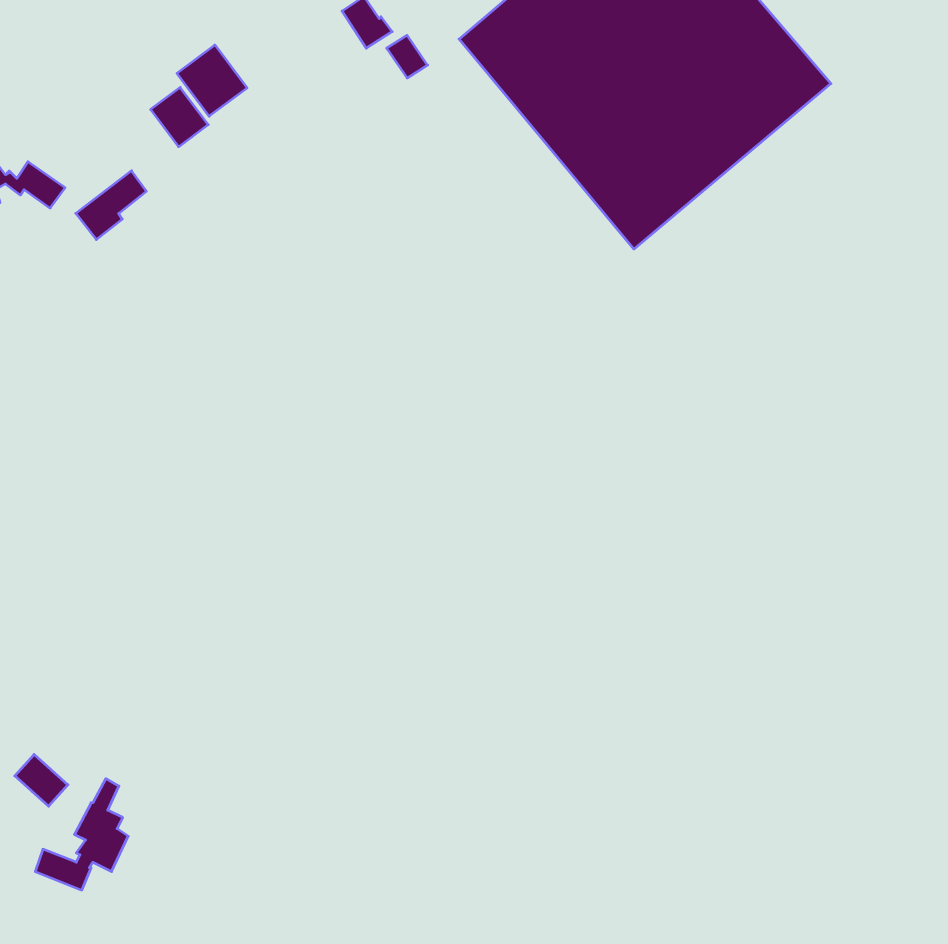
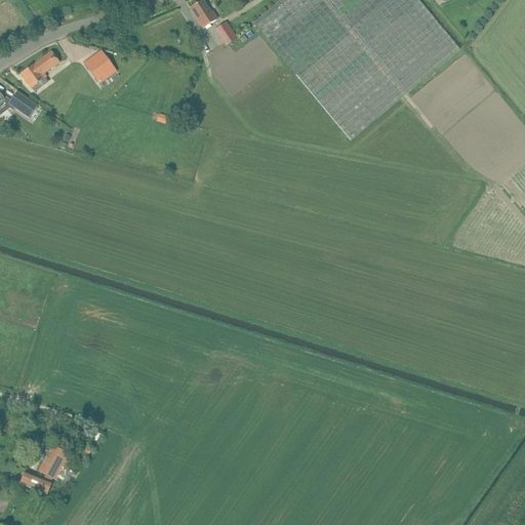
building: [177,45,247,116] -> none
building: [76,171,146,240] -> [19,48,58,86]
building: [15,754,68,806] -> none

